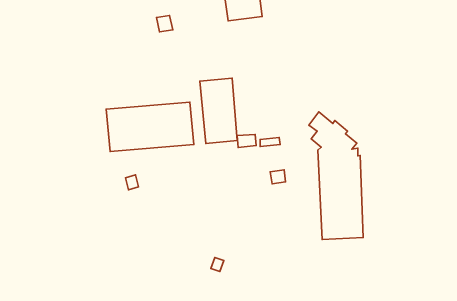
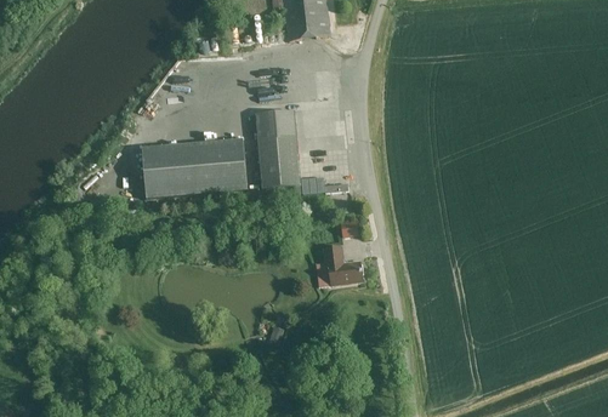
building: [309,112,363,240] -> none
building: none -> [323,245,362,284]

